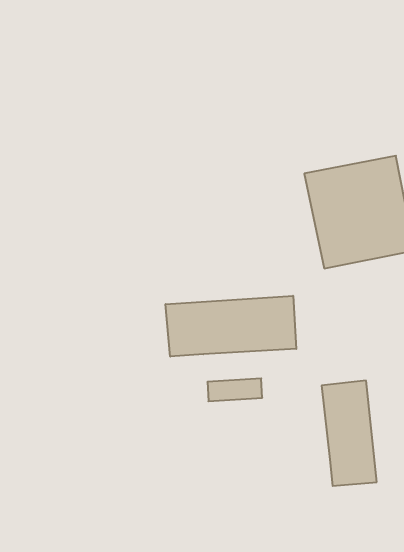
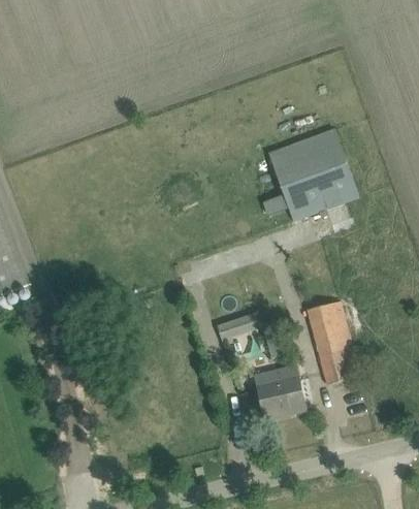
building: [166,296,296,357] -> none
building: none -> [254,367,304,415]

